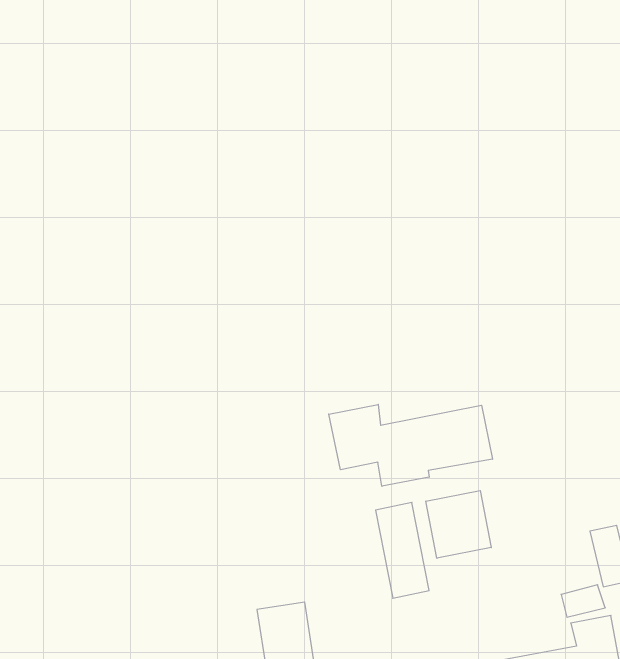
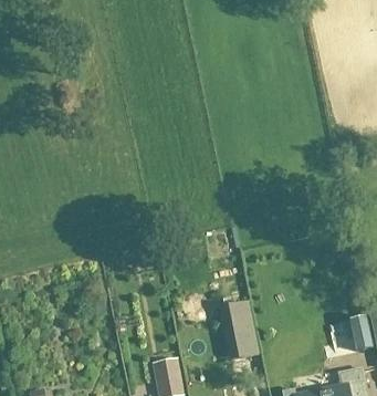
building: [329,404,492,486] -> none
building: [426,491,491,558] -> none

